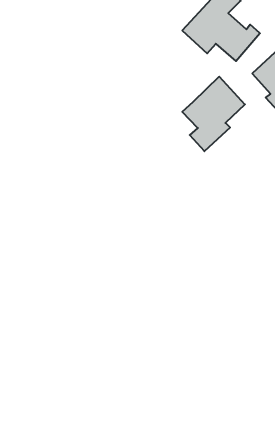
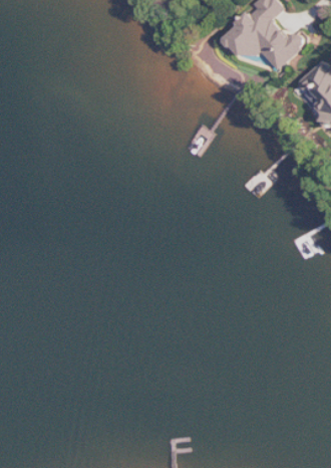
building: [182,77,245,151] -> none

